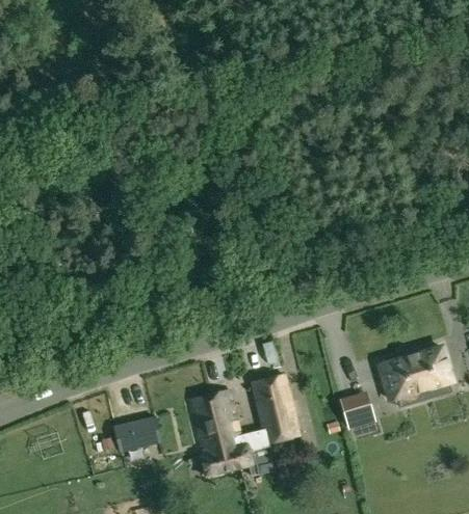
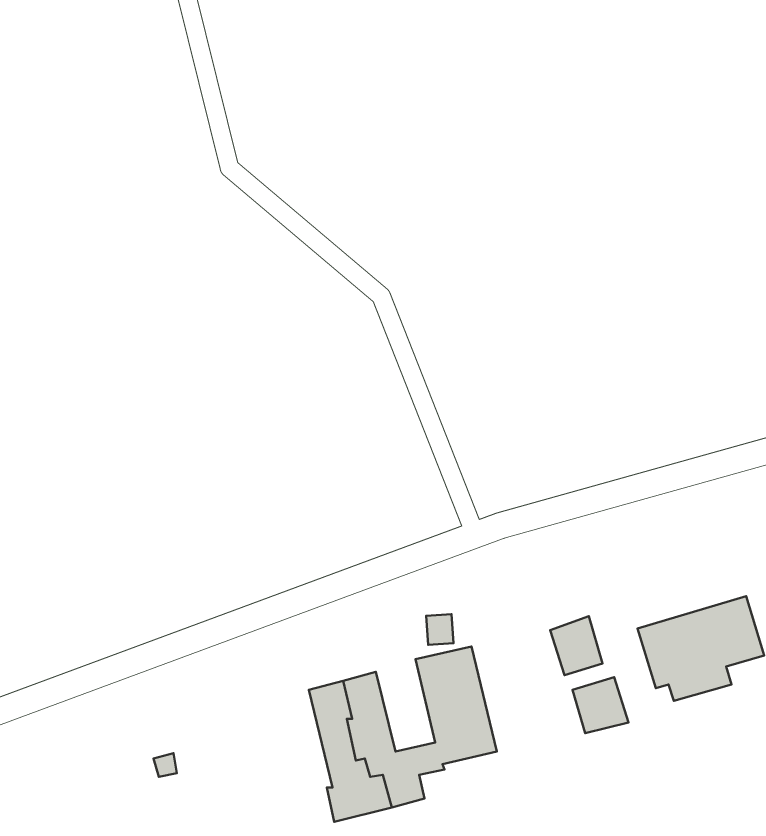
building: none -> [550,616,603,675]
building: [112,413,170,452] -> none

